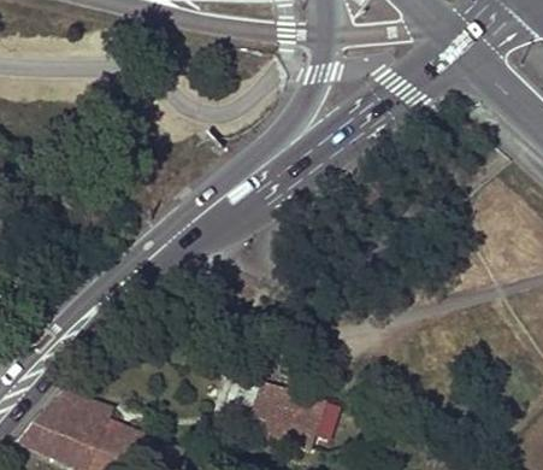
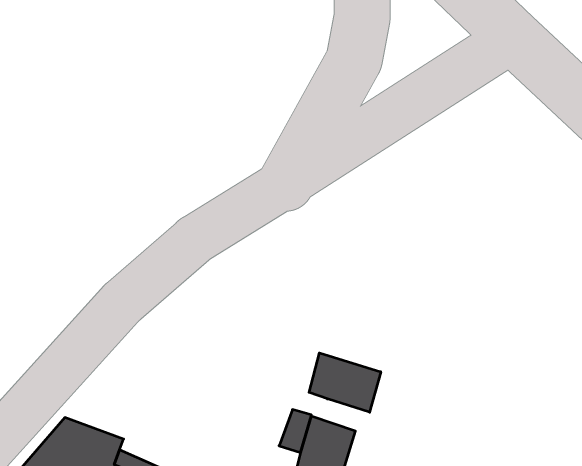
building: none -> [309,353,381,412]

